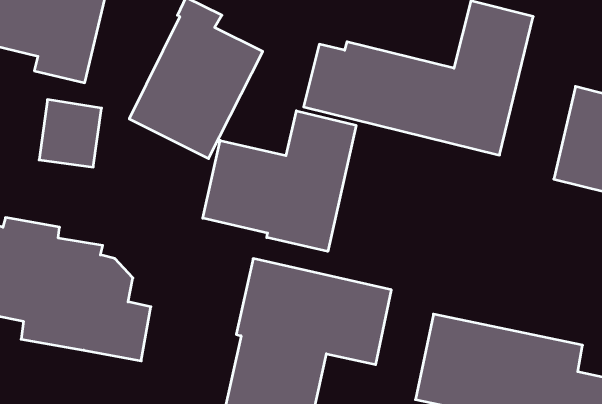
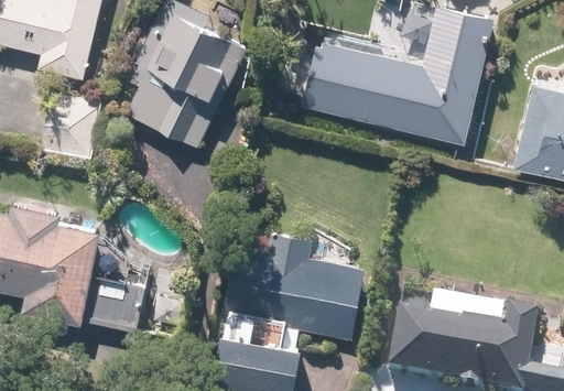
building: [203,111,356,251] -> none

